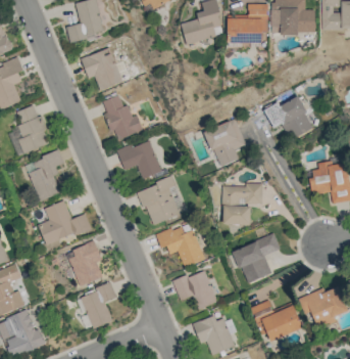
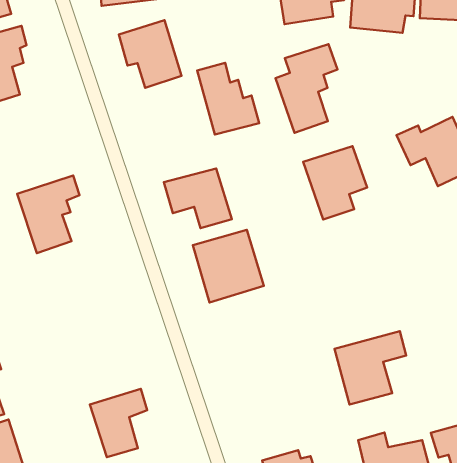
building: none -> [275,44,338,133]
building: [102,94,144,140] -> [197,63,259,134]
building: [15,104,52,153] -> none
building: [222,184,263,225] -> none
building: [39,199,92,244] -> none
building: [156,225,205,267] -> none
building: [66,240,103,286] -> none
building: [172,270,217,309] -> none

